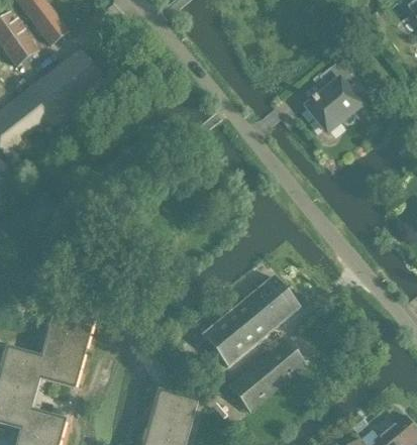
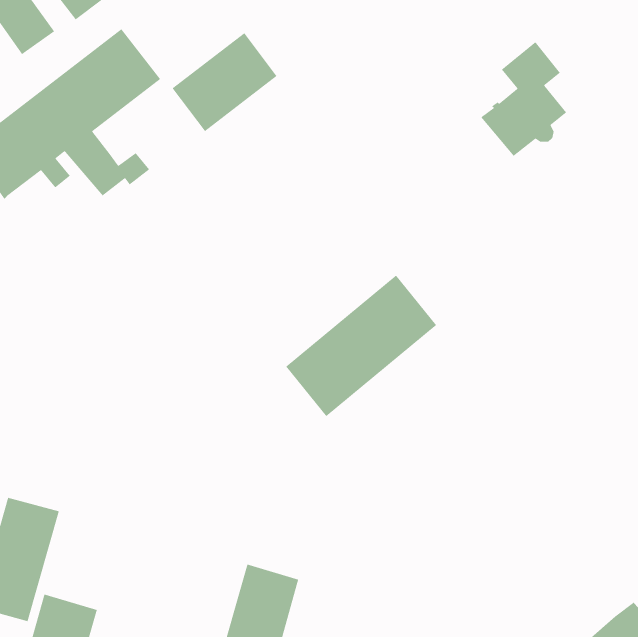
building: none -> [172,32,278,132]
building: [203,274,300,365] -> [285,274,437,417]
building: [41,305,95,385] -> none
building: [230,340,307,412] -> none

